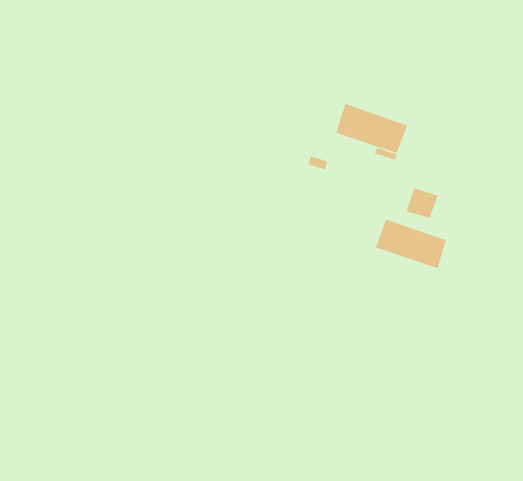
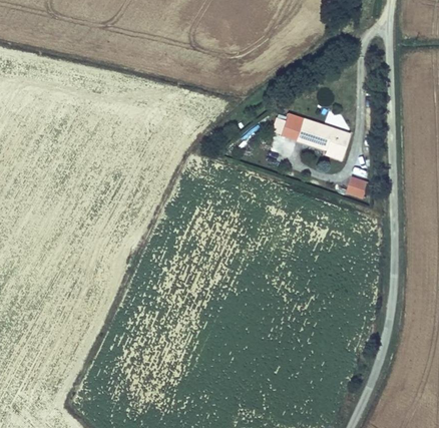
building: [375,218,447,269] -> none

